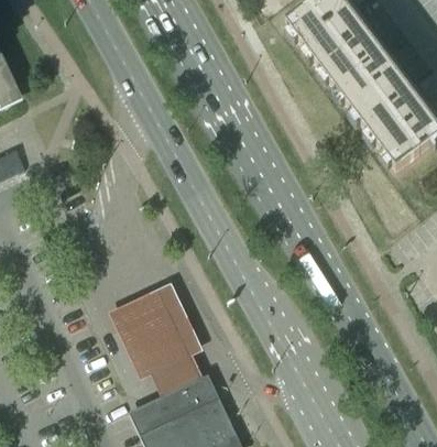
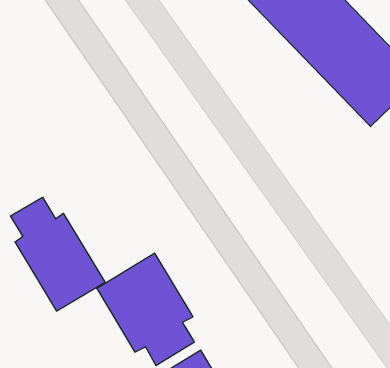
building: none -> [10,197,105,311]

